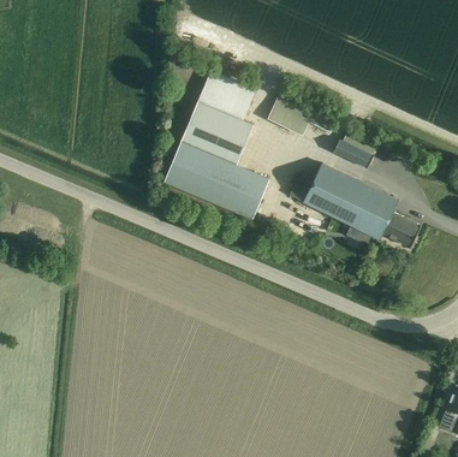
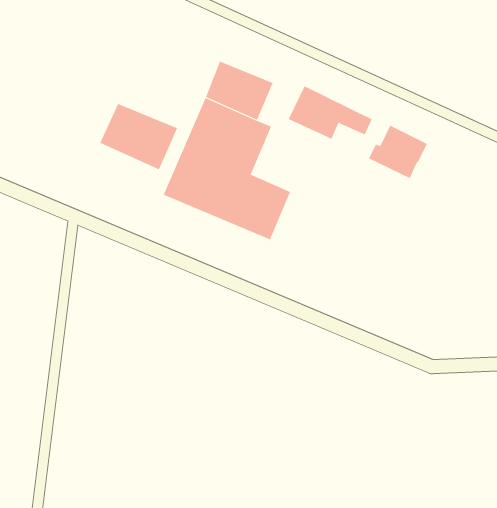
building: none -> [99,103,178,170]
building: [289,162,420,248] -> none

